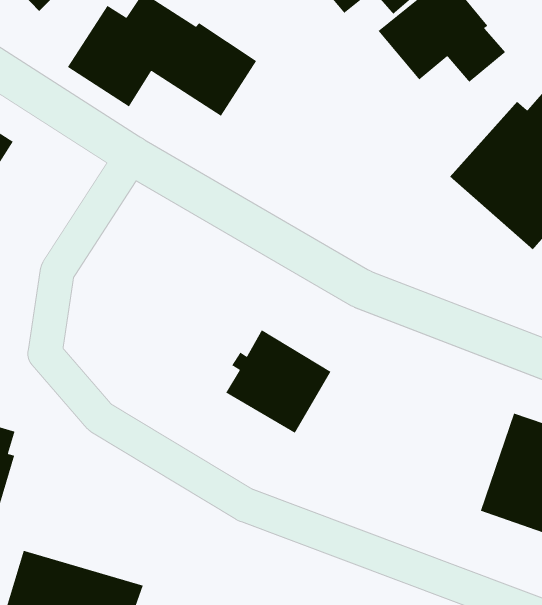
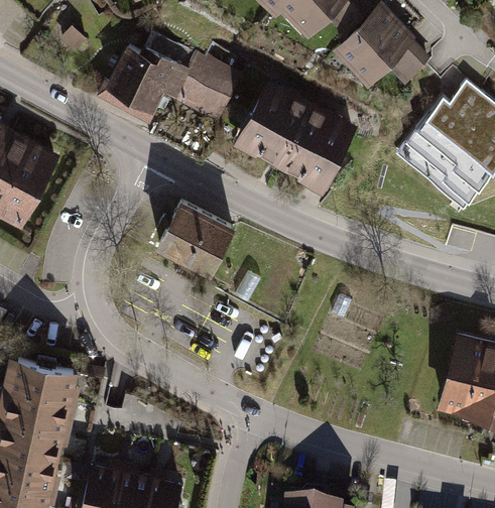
building: none -> [231,79,357,194]
building: [225,329,332,434] -> [158,198,238,275]

